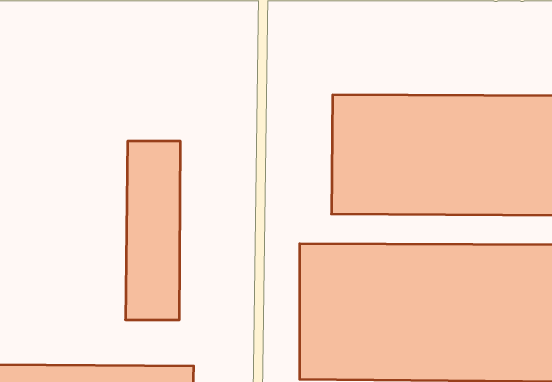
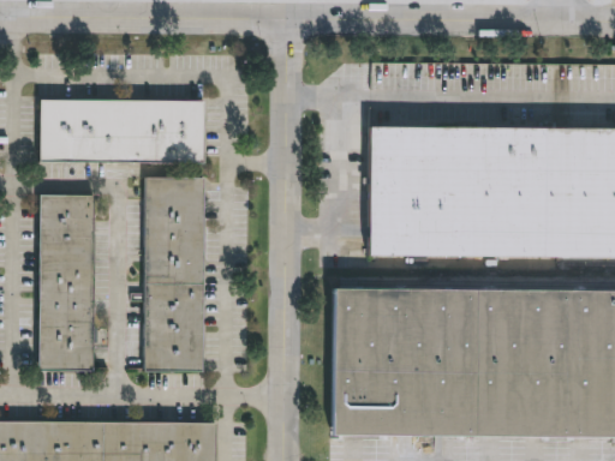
building: none -> [41,98,205,162]
building: none -> [38,193,95,371]

